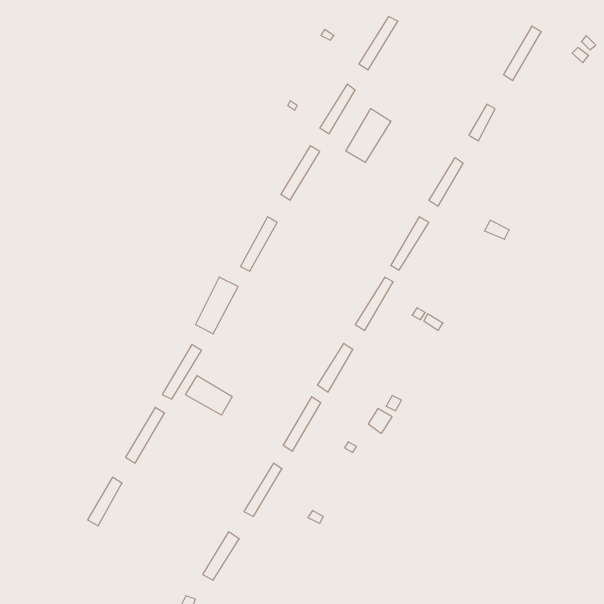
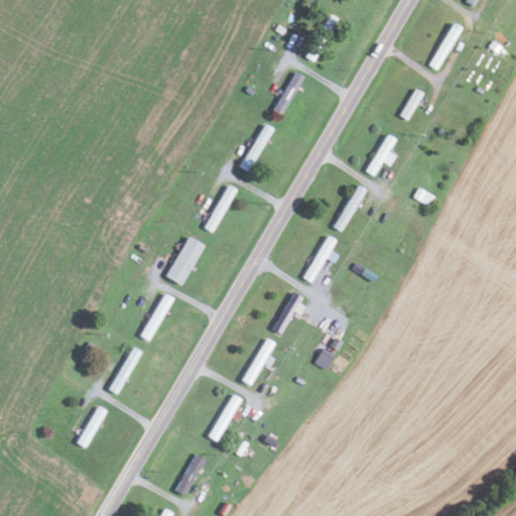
building: [346,109,391,162] -> none
building: [186,376,232,415] -> none

